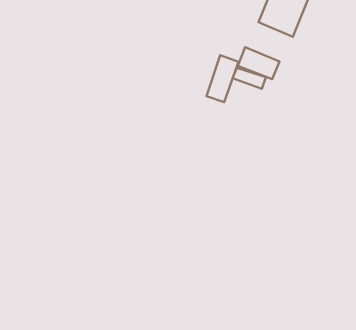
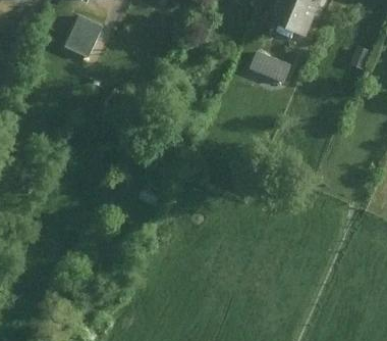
building: none -> [64,14,102,56]
building: [206,55,238,102] -> none

